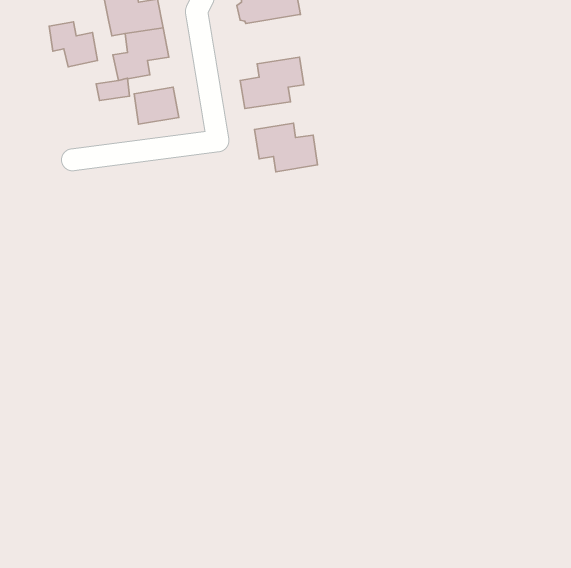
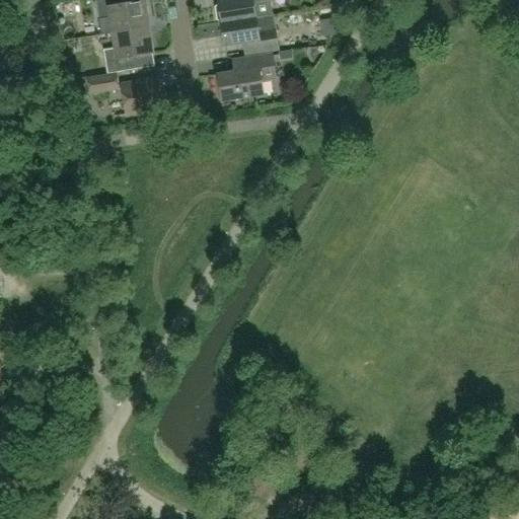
building: none -> [223,13,278,52]
building: [49,22,97,67] -> none
building: [255,123,318,172] -> none

